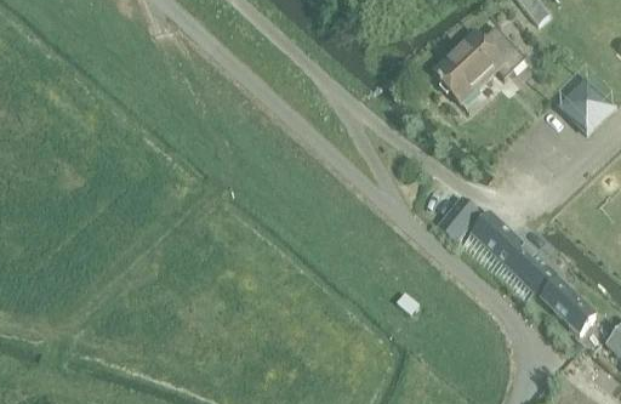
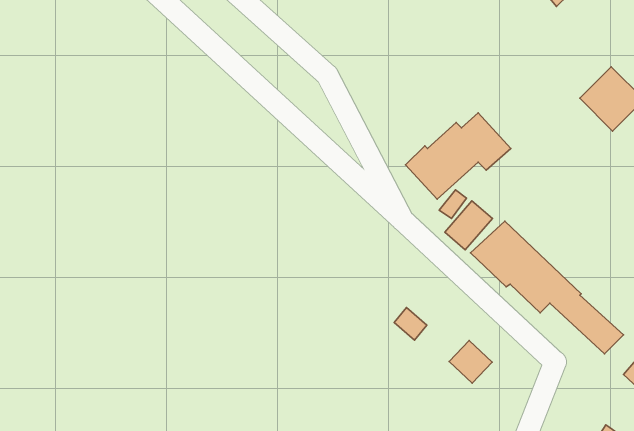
building: [432,25,525,102] -> [406,113,511,199]
building: none -> [449,341,492,383]

